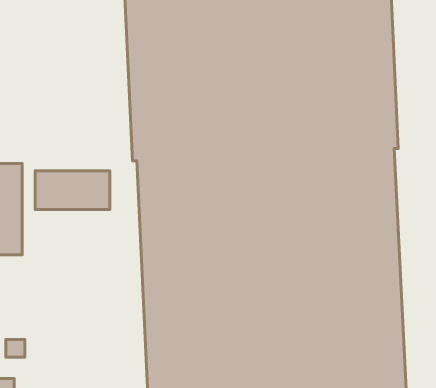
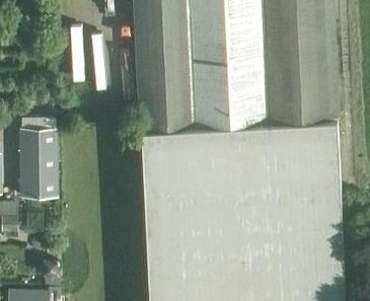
building: [35,171,110,209] -> none

